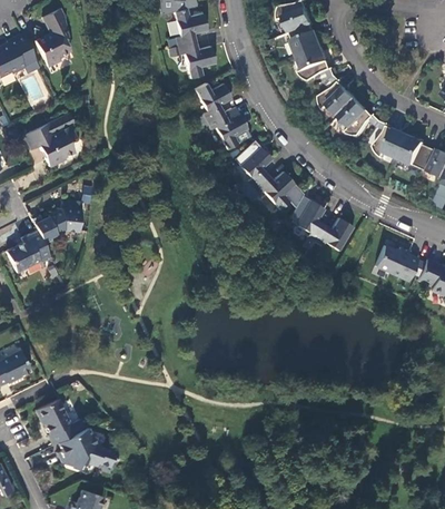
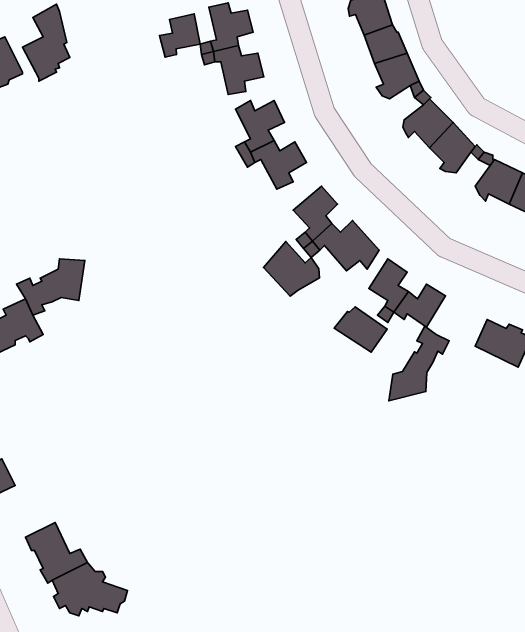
building: none -> [160,14,200,57]
building: [23,115,75,166] -> none
building: none -> [264,241,319,296]
building: none -> [334,307,387,352]
building: none -> [389,326,449,401]

